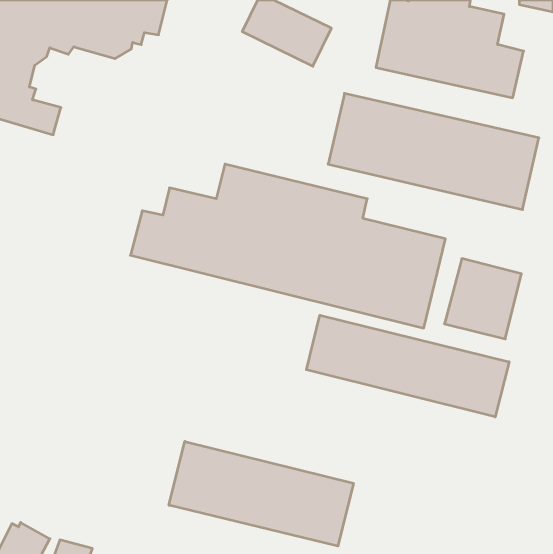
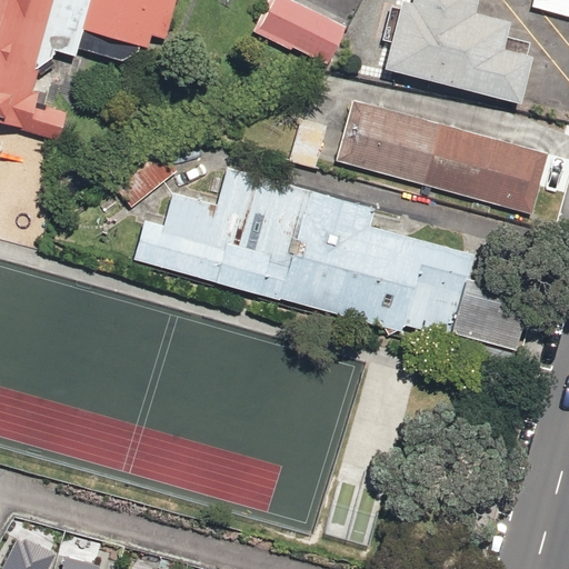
building: [306,315,509,417] -> none
building: [169,441,353,546] -> none

